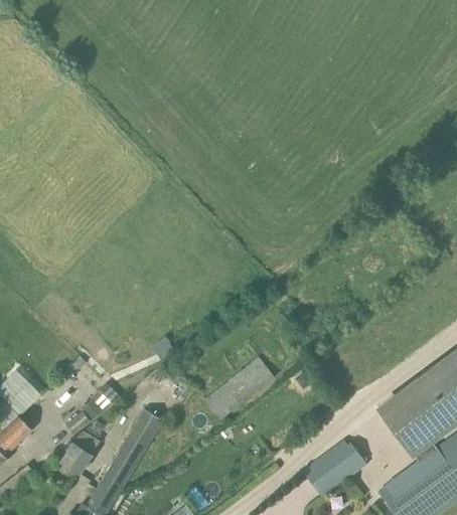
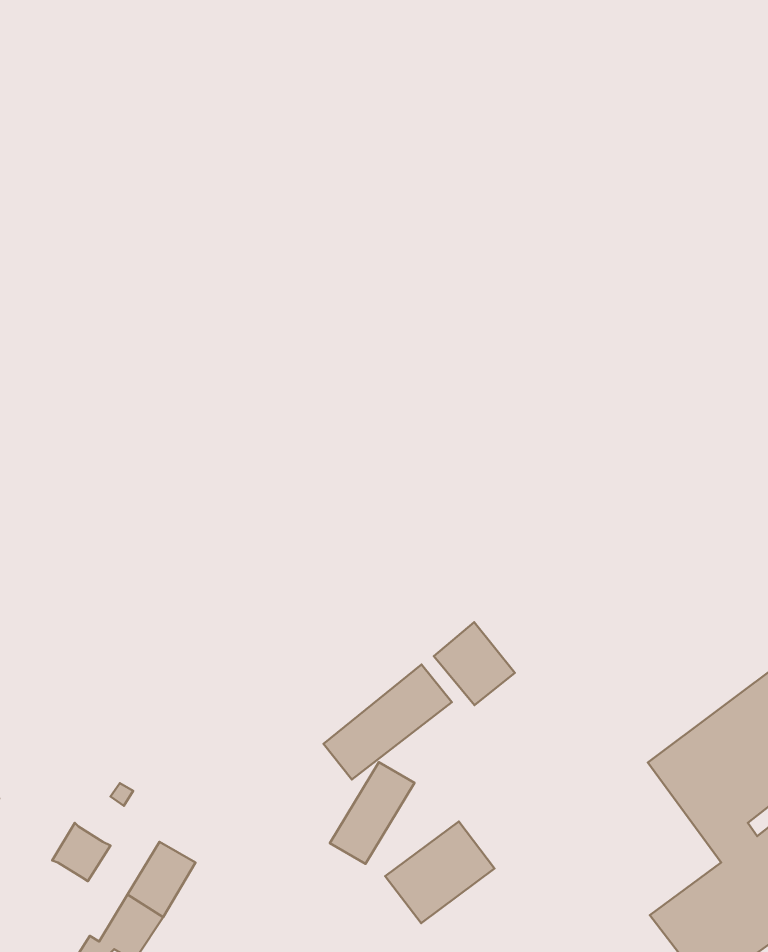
building: none -> [434,622,515,705]
building: [119,408,164,463] -> [330,762,415,864]
building: [304,442,362,496] -> [385,821,495,923]

